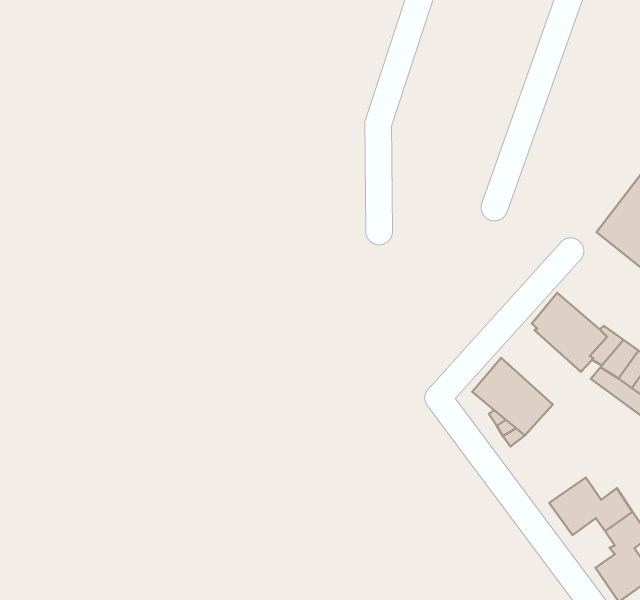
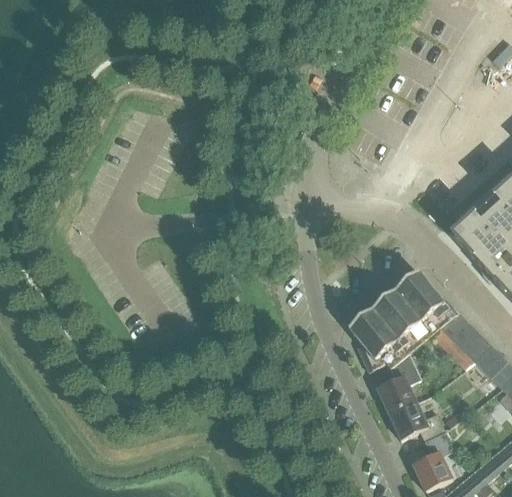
building: none -> [372,288,425,346]
building: none -> [376,351,420,413]

